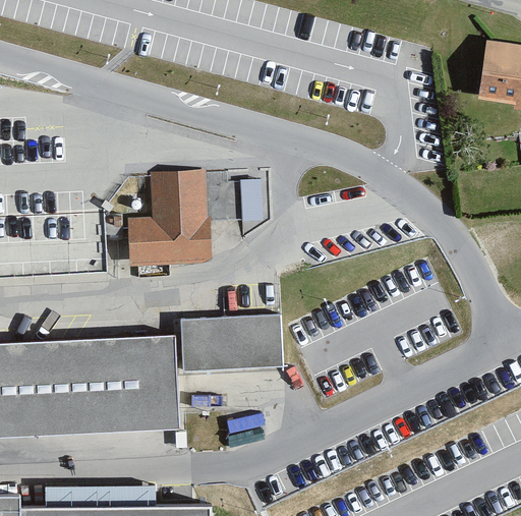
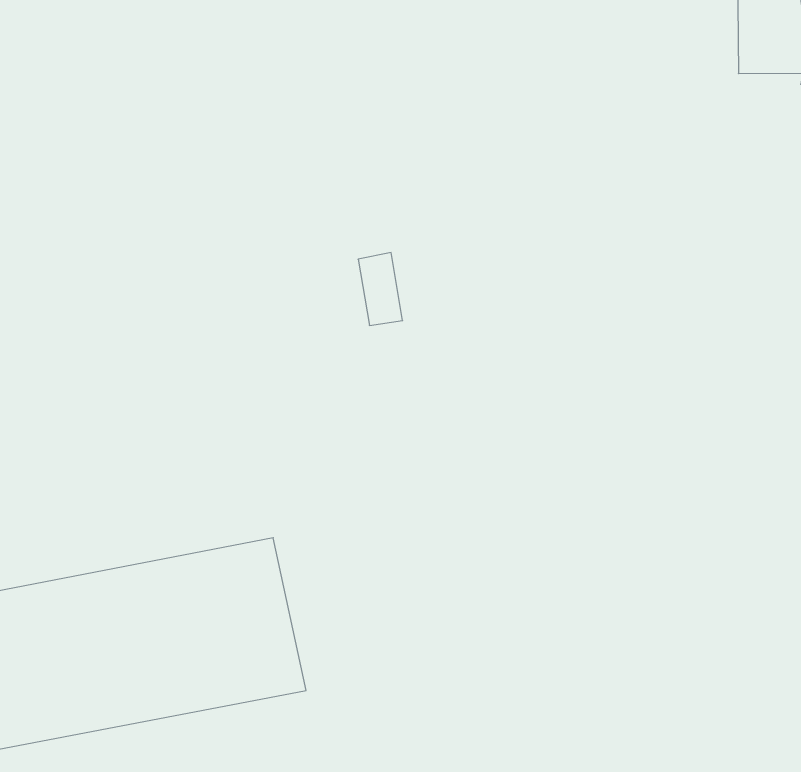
building: [122,177,207,266] -> none
building: [181,318,284,371] -> none

